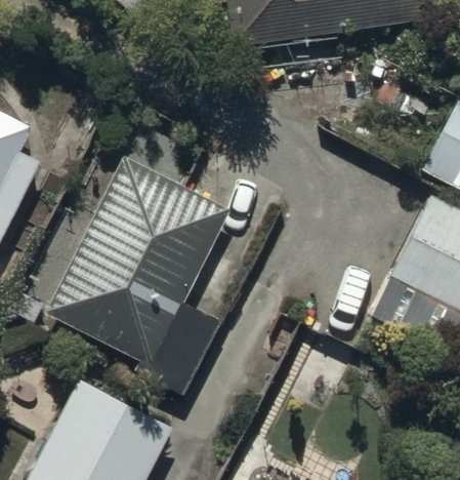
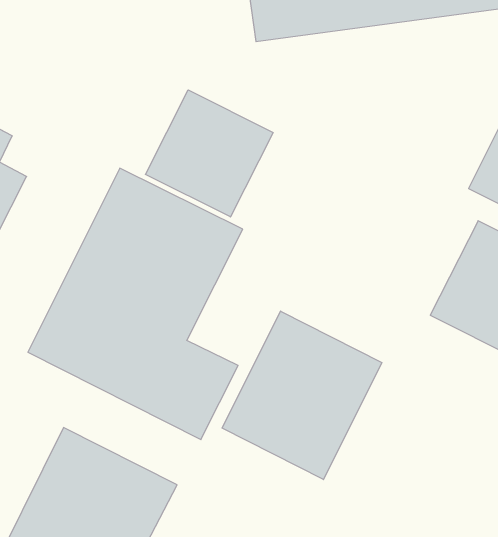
building: none -> [145,90,273,217]
building: none -> [222,311,382,480]

